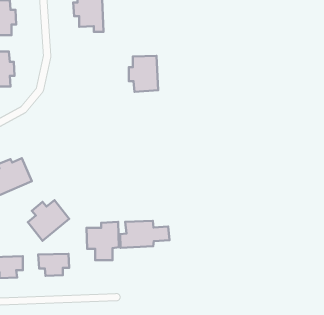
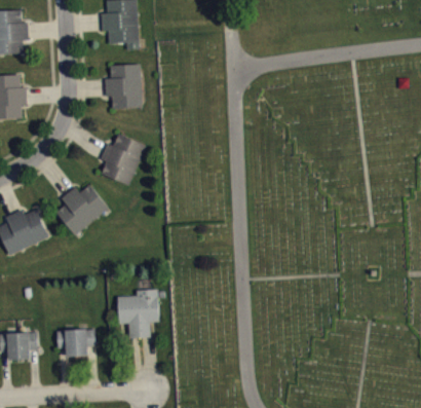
building: [129,56,158,92] -> [105,64,142,109]
building: none -> [100,133,146,185]
building: [28,200,69,241] -> [55,184,108,235]
building: [120,221,170,248] -> none

